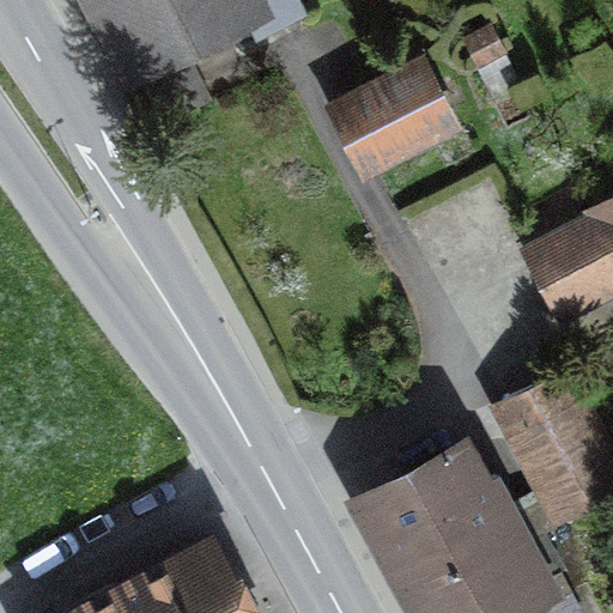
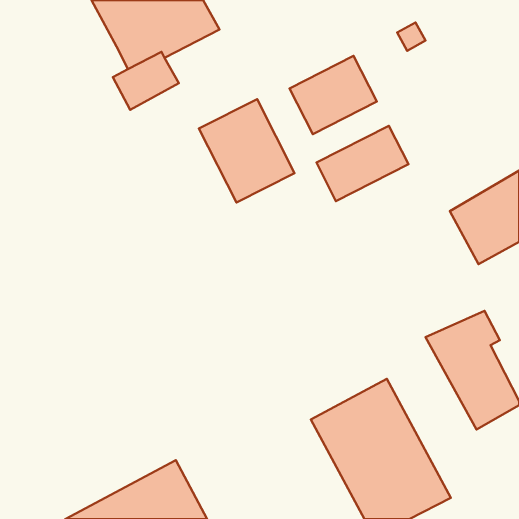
building: none -> [199,99,295,202]
building: none -> [316,126,408,201]

